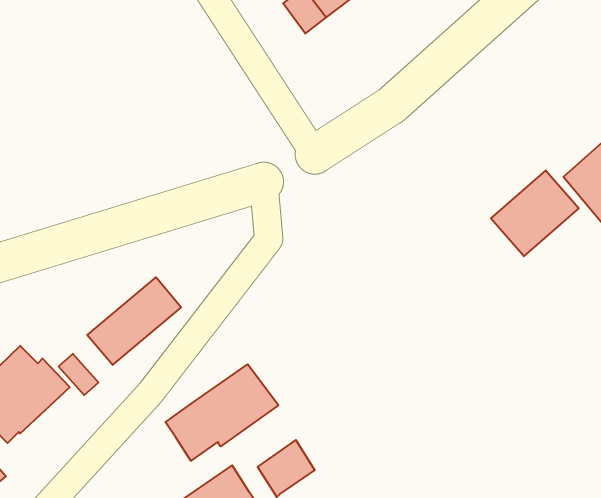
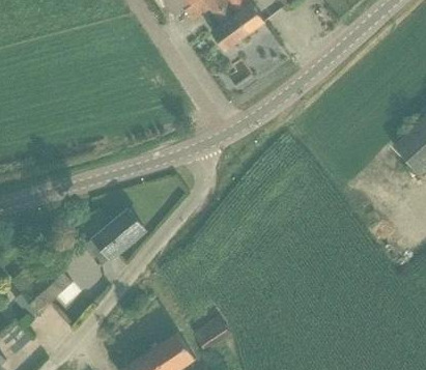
building: [491,170,579,256] -> none
building: [165,364,278,461] -> none

